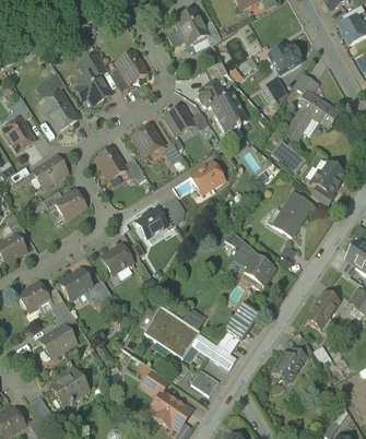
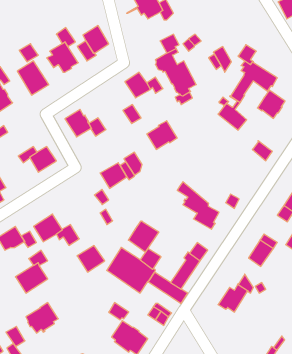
building: [268,40,300,74] -> none
building: [131,123,164,156] -> none
building: [32,157,64,188] -> none
building: [311,161,343,193] -> [257,90,285,118]
building: [272,191,311,236] -> none
building: [101,244,132,274] -> [77,246,105,272]
building: none -> [128,221,159,252]

